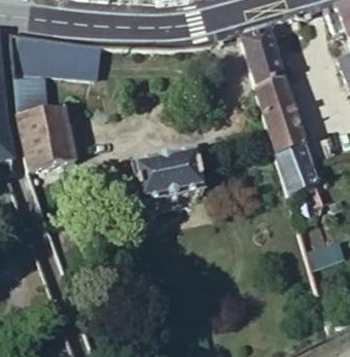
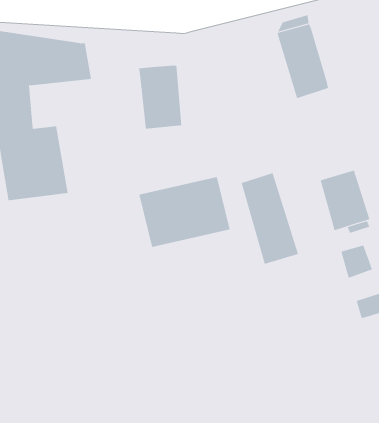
building: none -> [139,65,182,130]
building: [258,80,305,153] -> [241,173,299,265]

